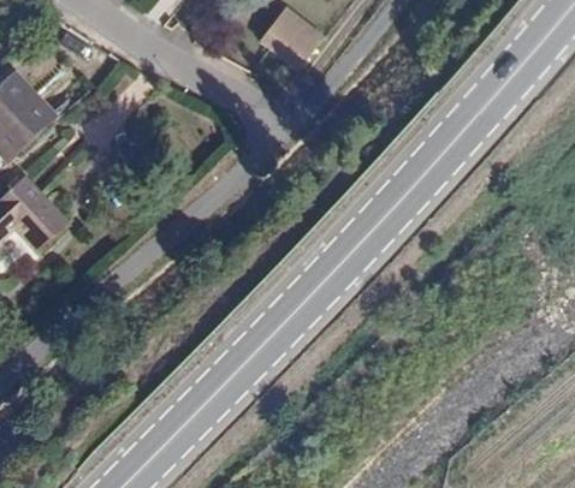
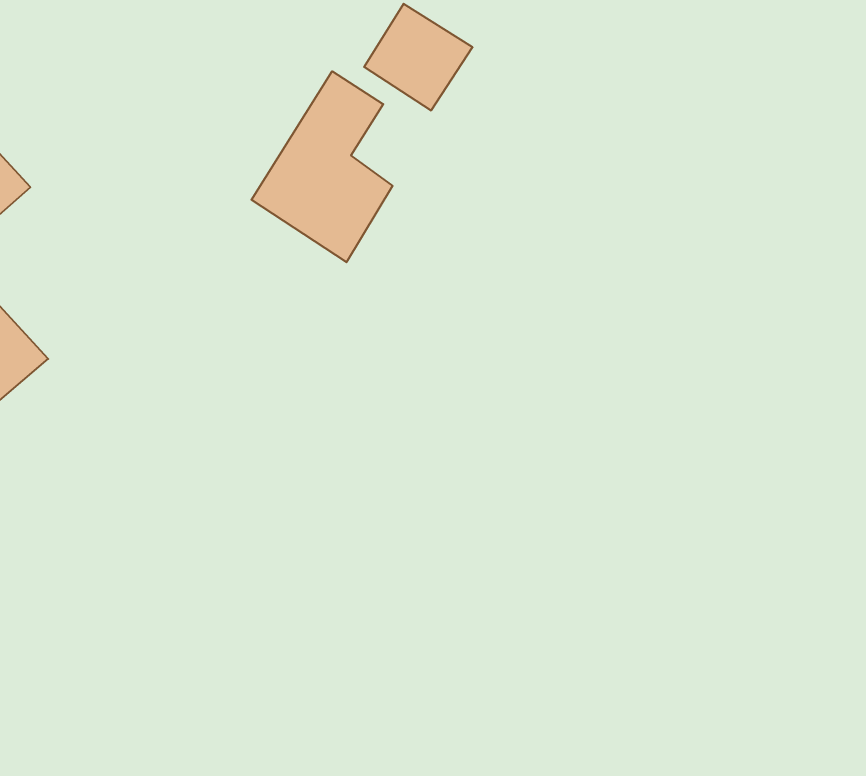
building: none -> [251,71,393,262]

